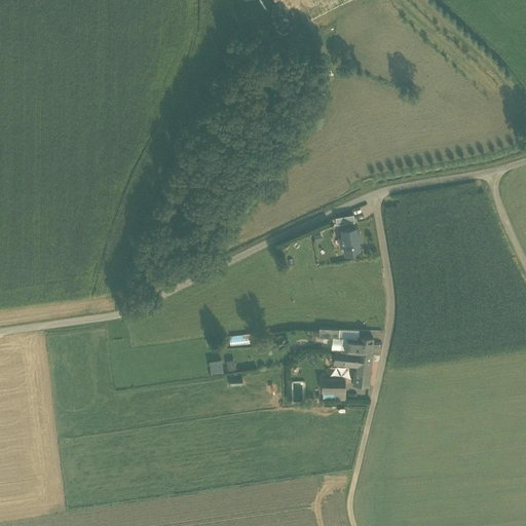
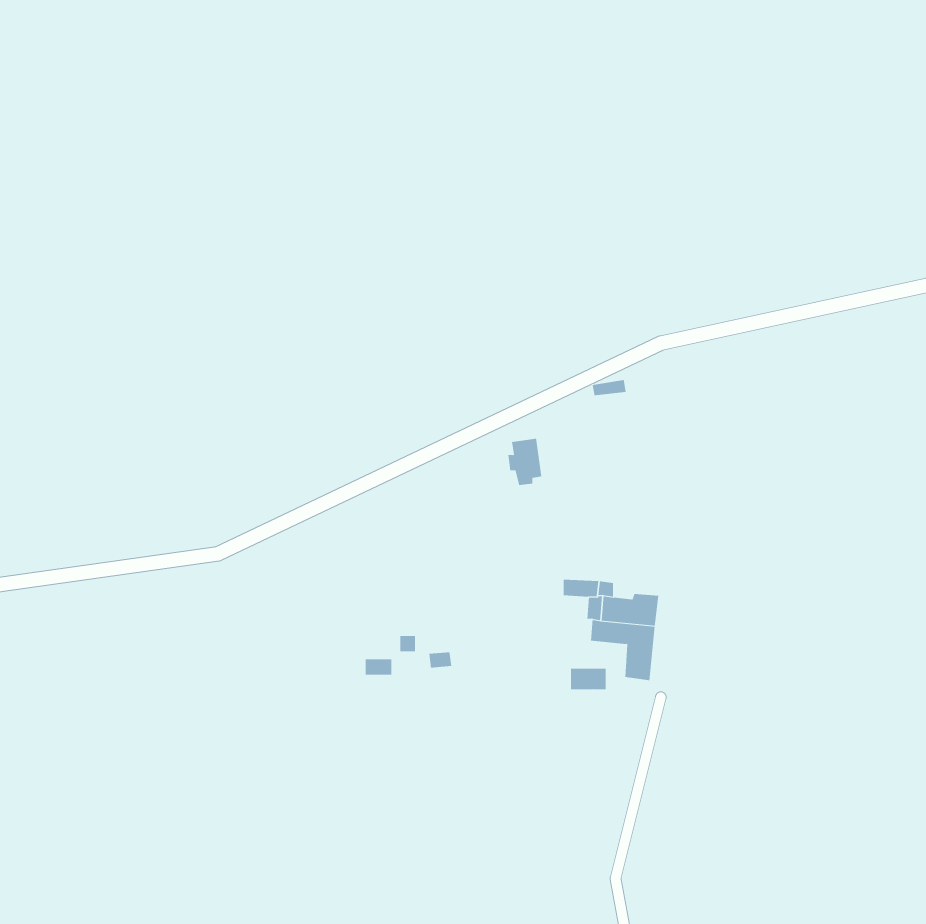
building: [340,230,360,257] -> [508,438,542,486]

